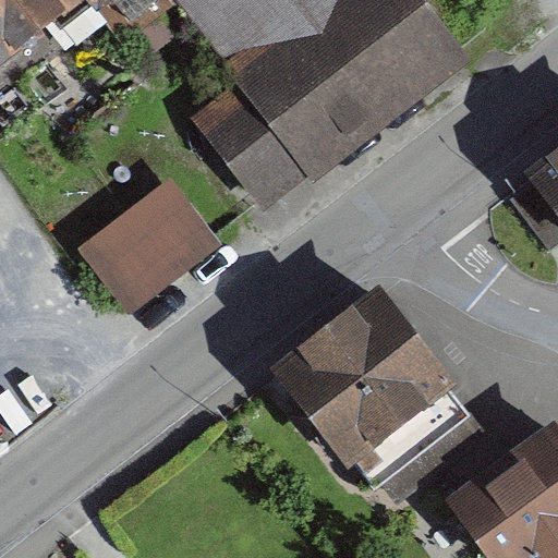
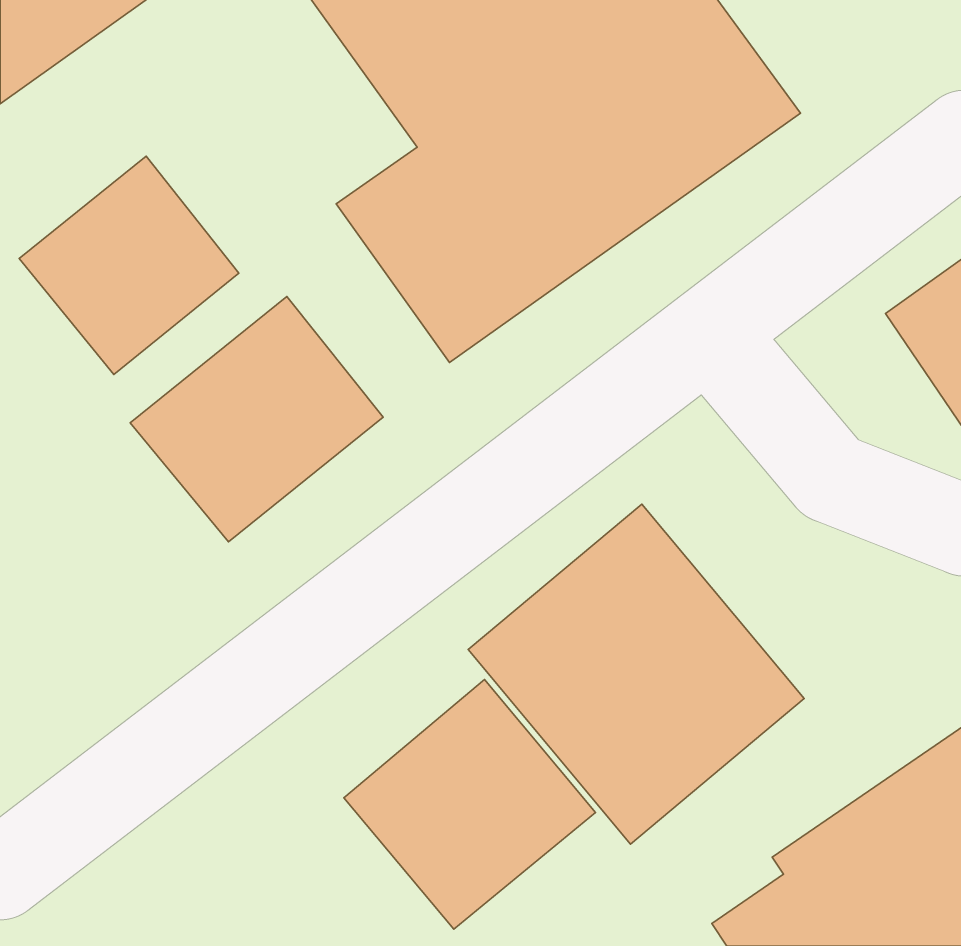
building: none -> [19,156,239,374]
building: none -> [344,679,596,929]

